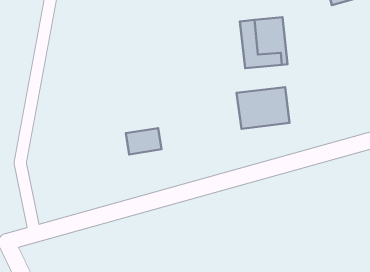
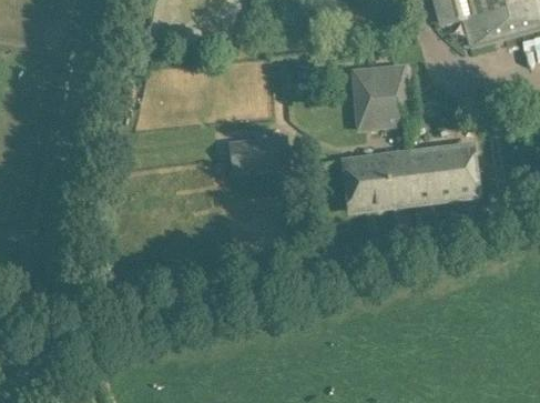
building: none -> [408,147,476,201]
building: [126,128,162,154] -> [231,137,277,171]

